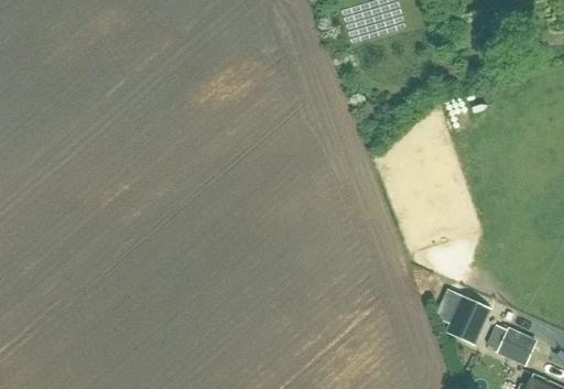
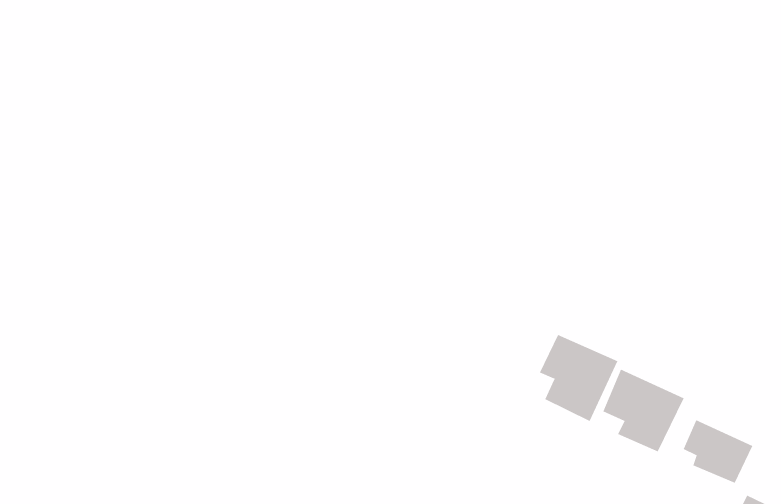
building: none -> [539,334,618,422]

